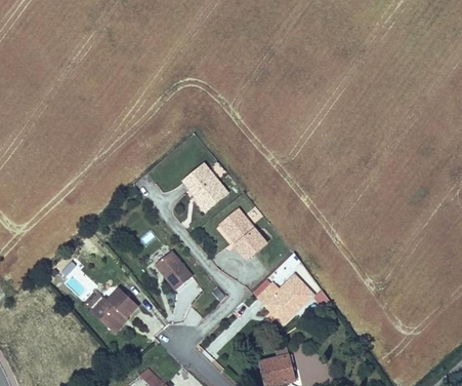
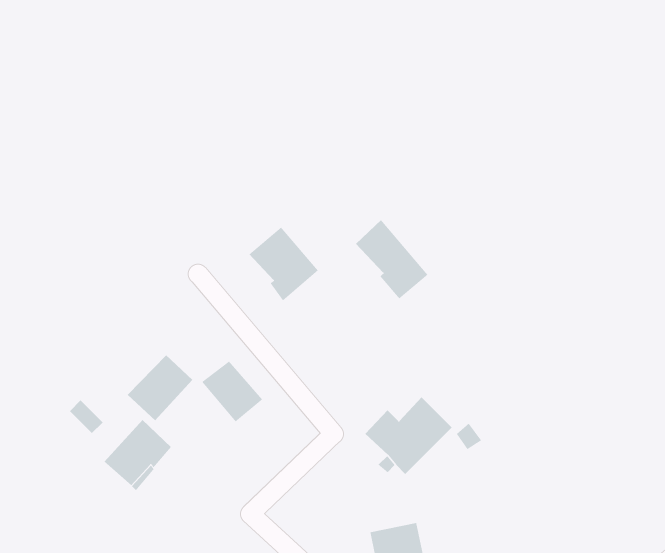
building: [220,208,266,259] -> [355,219,428,299]
building: none -> [127,354,193,421]

